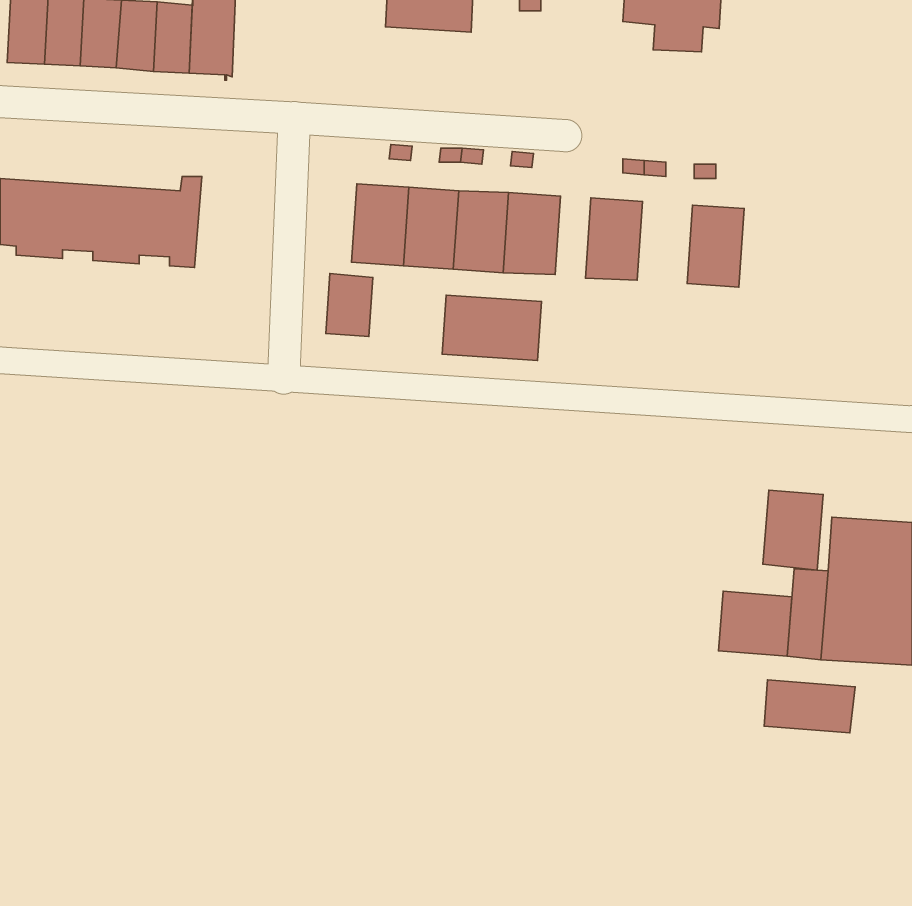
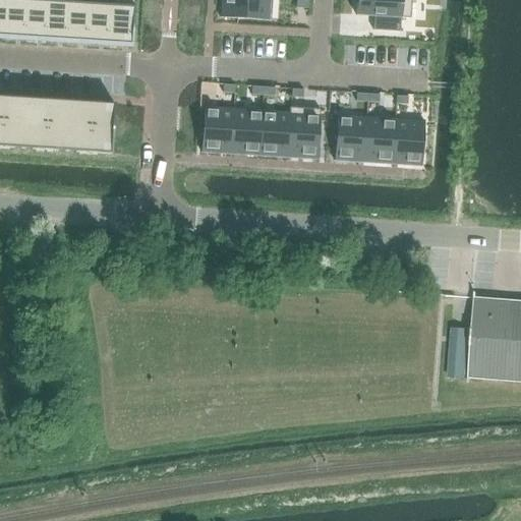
building: none -> [363,115,395,162]
building: [326,273,373,336] -> none
building: [442,295,541,360] -> none
building: [763,490,823,570] -> none
building: [718,591,792,656] -> none
building: [764,680,855,733] -> none

